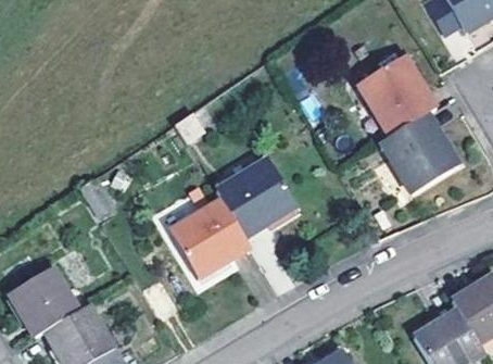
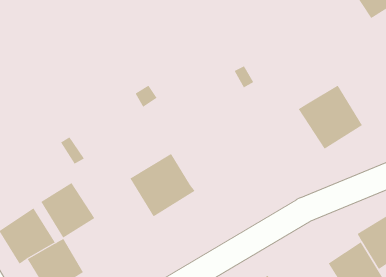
building: [356,55,439,138] -> none
building: [216,159,296,238] -> none
building: none -> [41,182,95,238]

